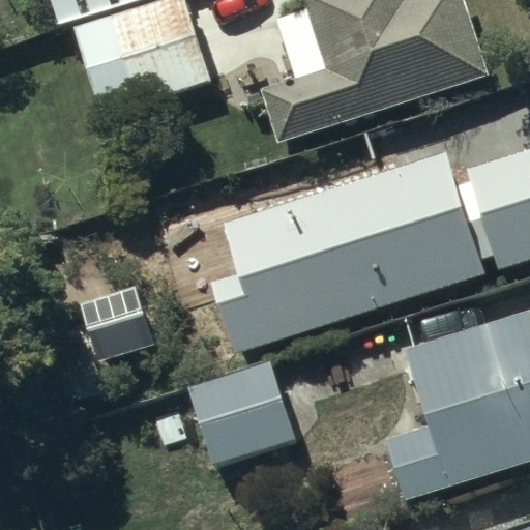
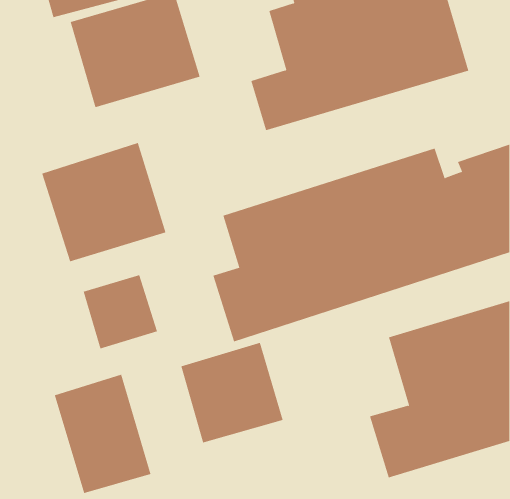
building: none -> [41,142,166,262]
building: none -> [54,374,151,494]

